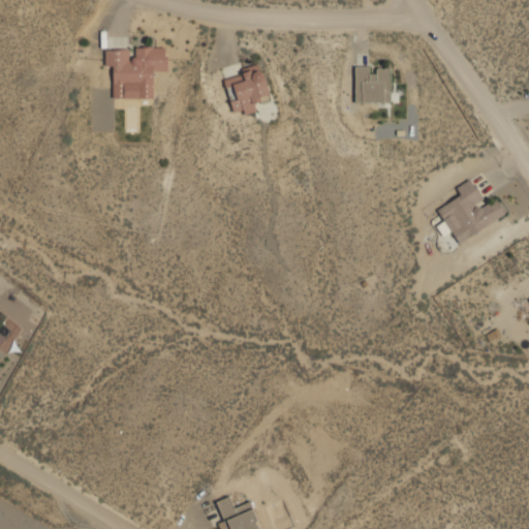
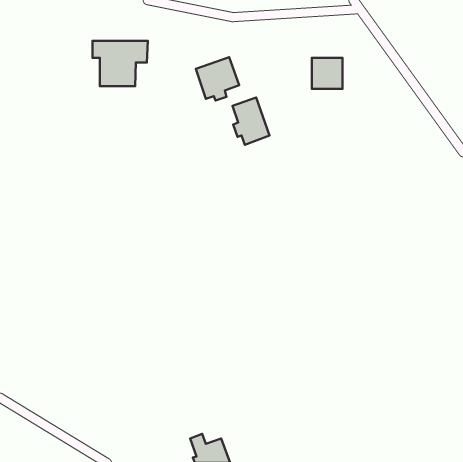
building: none -> [233,98,270,145]
building: [438,179,507,243] -> none

